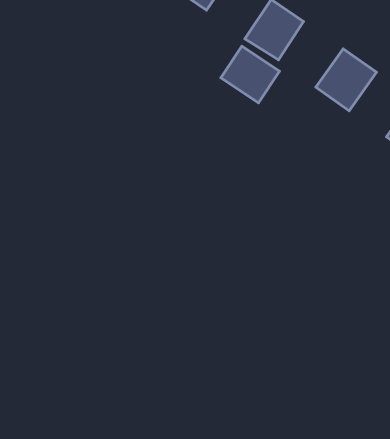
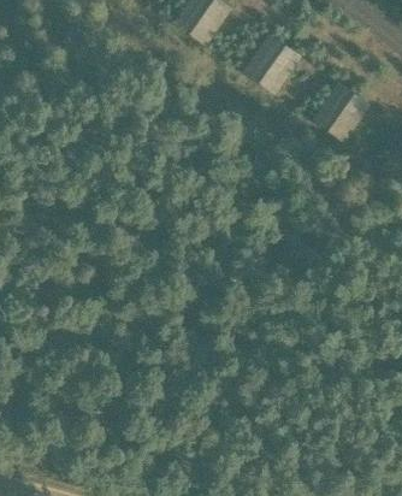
building: [221,46,279,103] -> none

